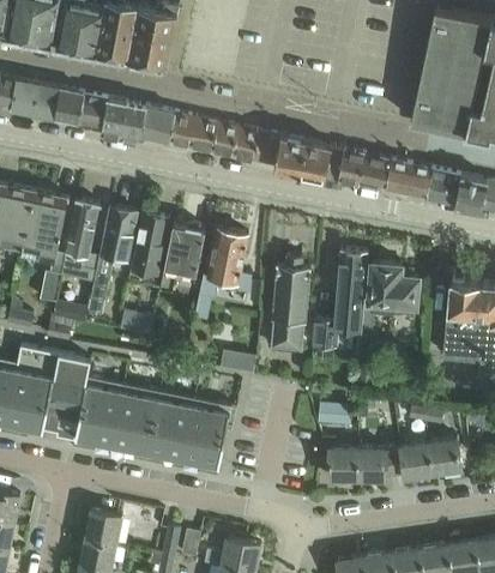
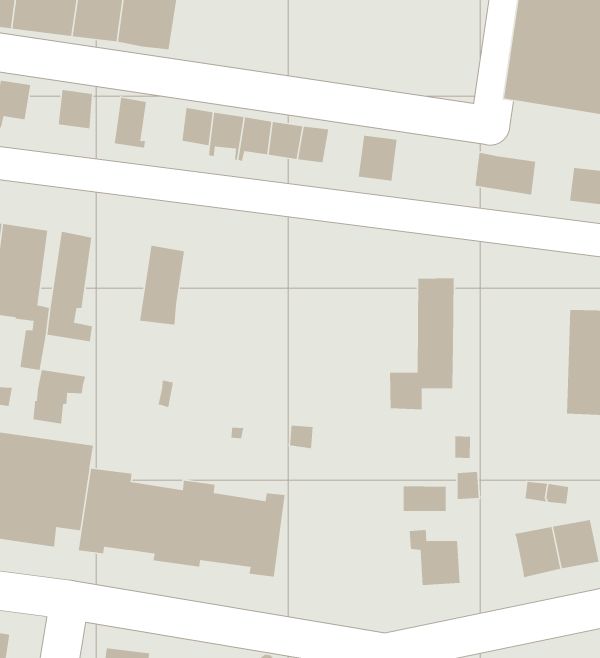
building: [53,90,84,126] -> none
building: [101,99,127,138] -> none
building: [140,108,175,139] -> none
building: [274,137,306,174] -> none
building: [325,147,391,186] -> none
building: [428,170,460,201] -> none
building: [87,207,138,315] -> none
building: [159,223,205,294] -> none
building: [195,229,252,321] -> none
building: [271,257,310,351] -> none
building: [361,263,419,333] -> none
building: [357,448,404,482] -> none

